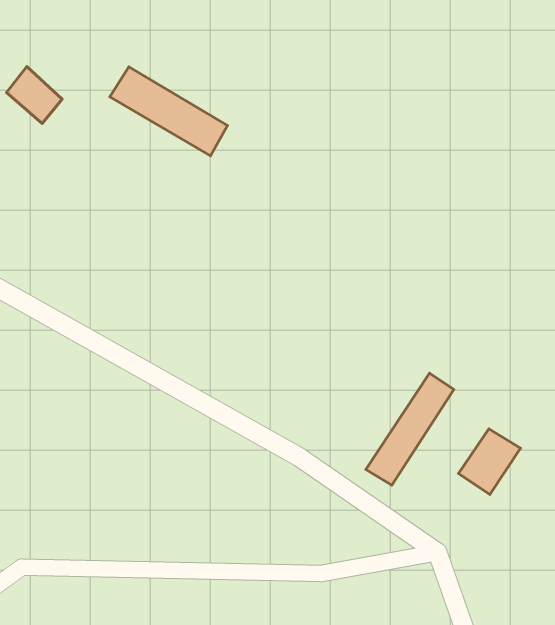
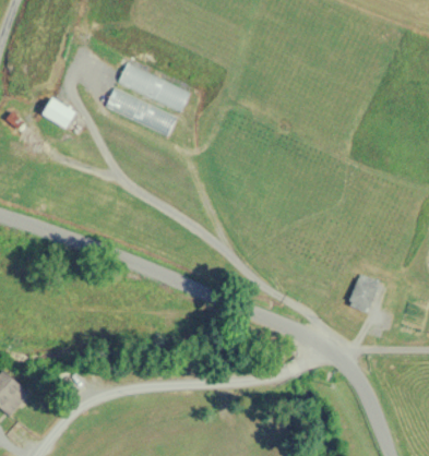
building: none -> [118,63,190,110]
building: [366,373,454,485] -> none

